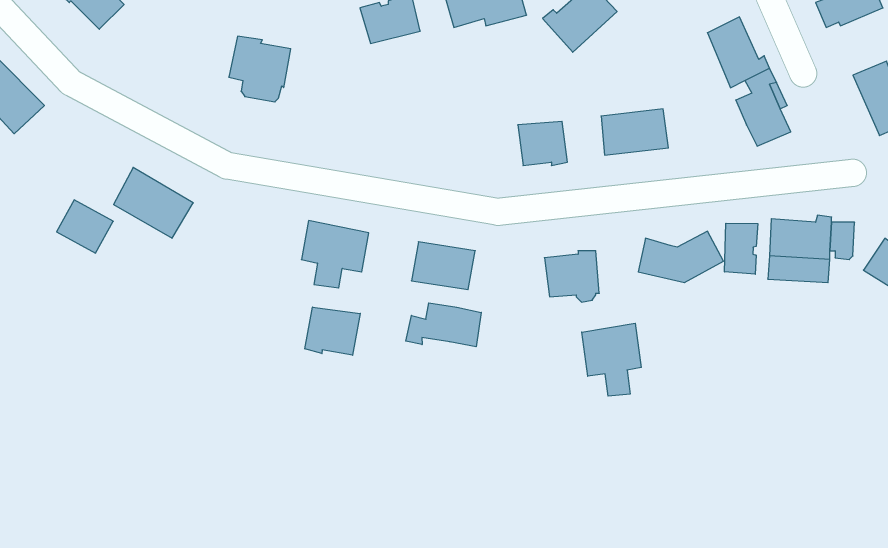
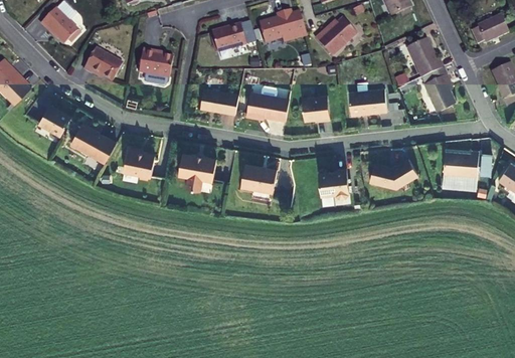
building: none -> [83,46,123,79]
building: none -> [245,85,289,120]
building: none -> [200,88,238,114]
building: [57,200,113,253] -> [39,104,71,134]
building: none -> [123,147,154,177]
building: [725,223,758,274] -> none
building: [406,303,481,347] -> none
building: [305,307,360,355] -> none
building: [582,323,641,396] -> none

